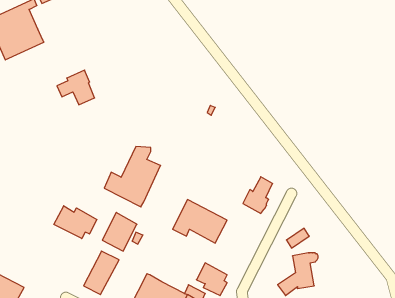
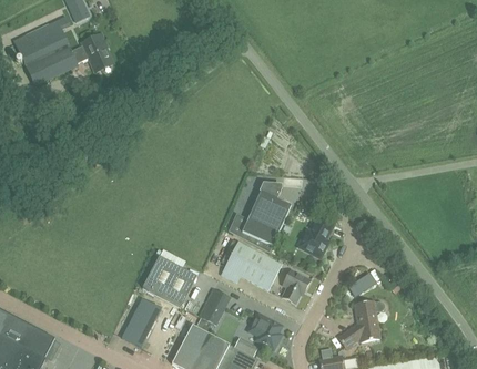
building: [57,70,95,105] -> [70,32,112,71]
building: [104,147,161,207] -> [229,183,292,250]
building: [54,206,97,239] -> none
building: none -> [282,268,311,303]
building: none -> [195,288,230,332]

